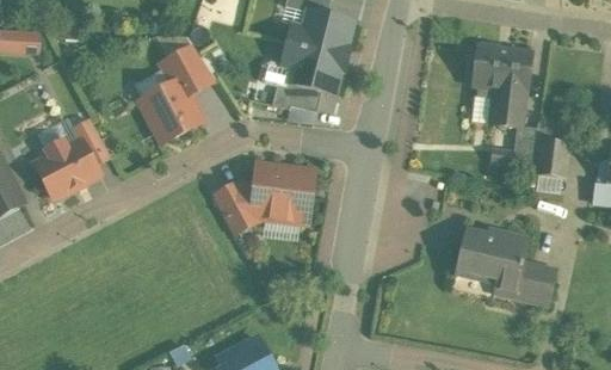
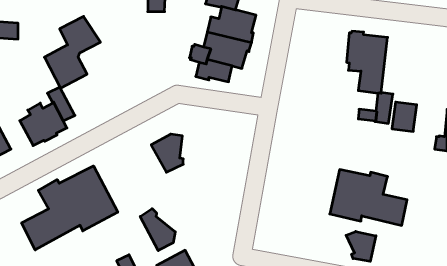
building: [141,45,216,142] -> [44,16,100,88]
building: [251,165,314,221] -> none
building: none -> [22,166,118,250]
building: none -> [140,209,175,251]
building: none -> [346,231,376,261]

